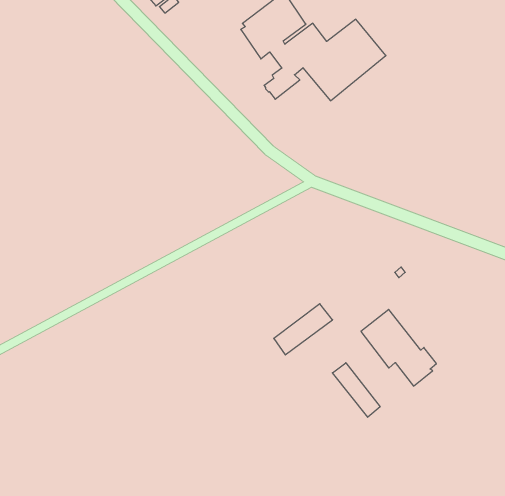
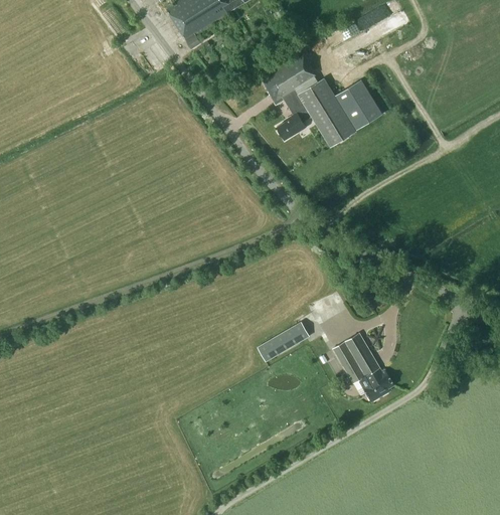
building: [332,363,380,417] -> none

